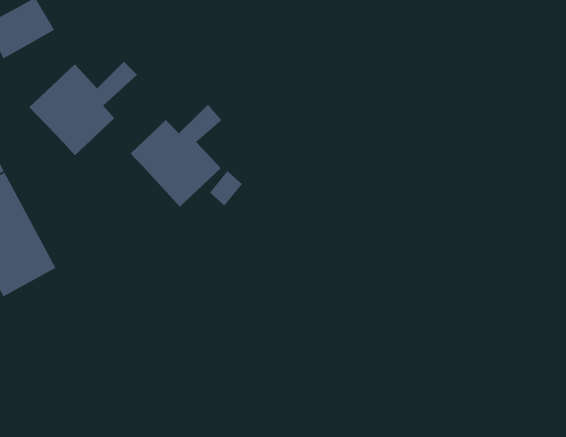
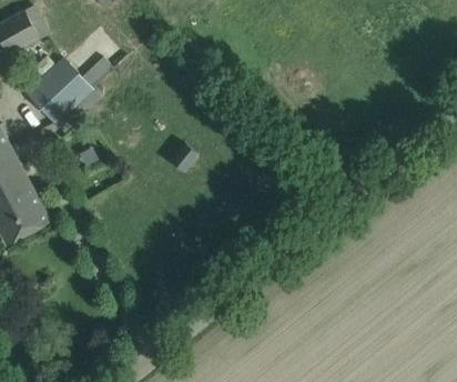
building: [130,104,223,207] -> none

